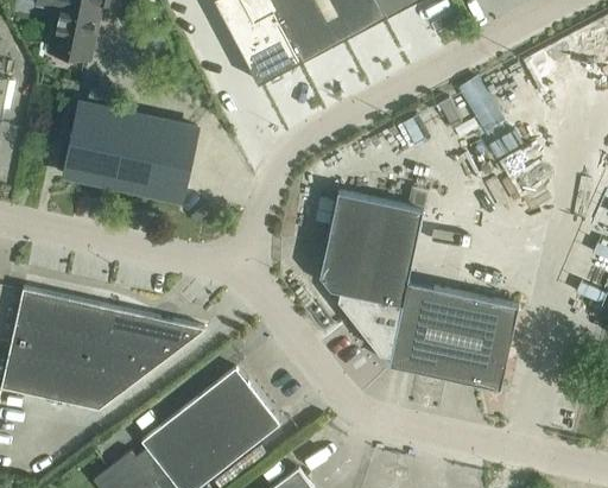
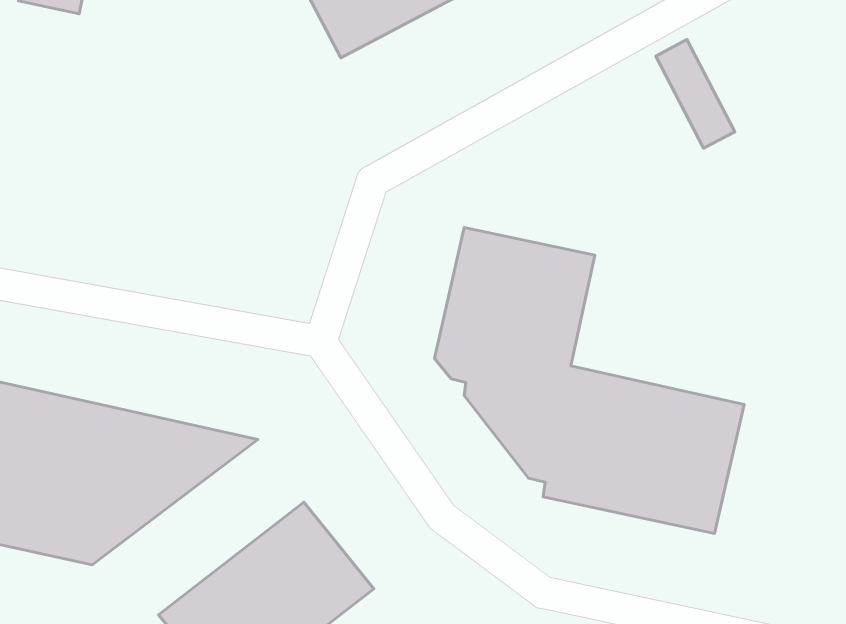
building: [63,103,198,202] -> none

